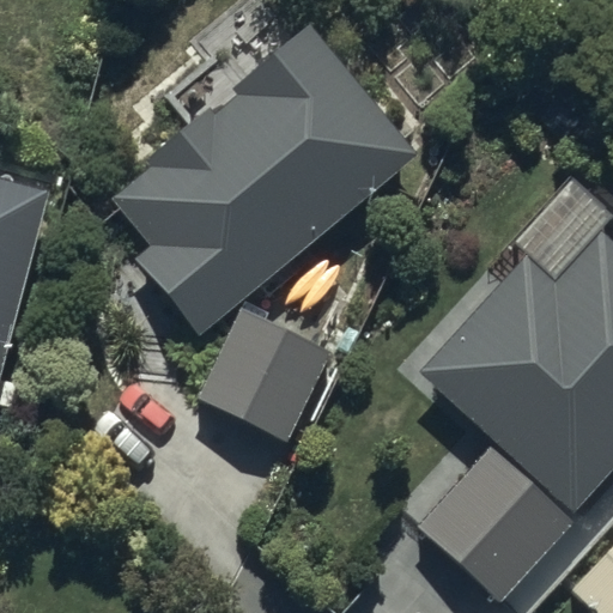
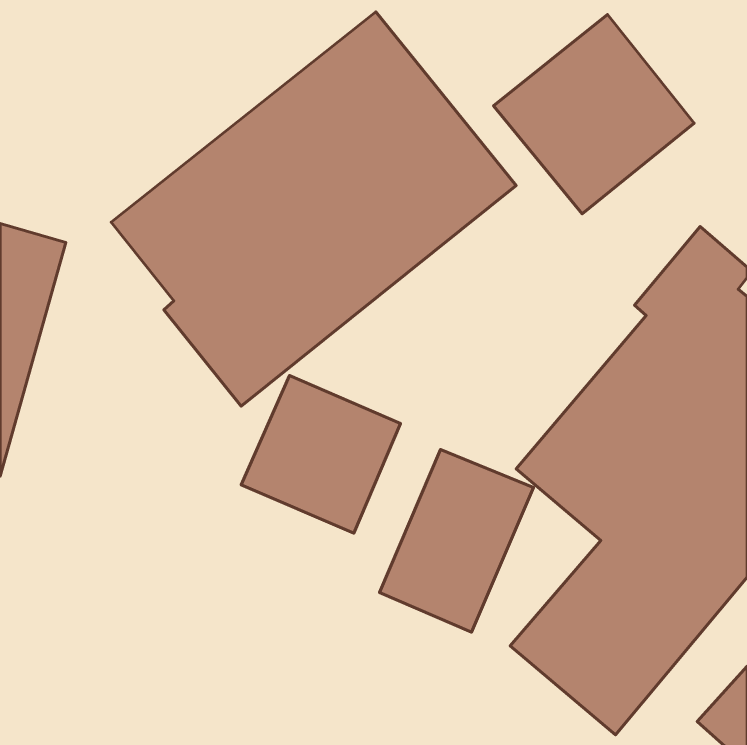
building: none -> [494,15,694,214]
building: none -> [380,449,534,632]

